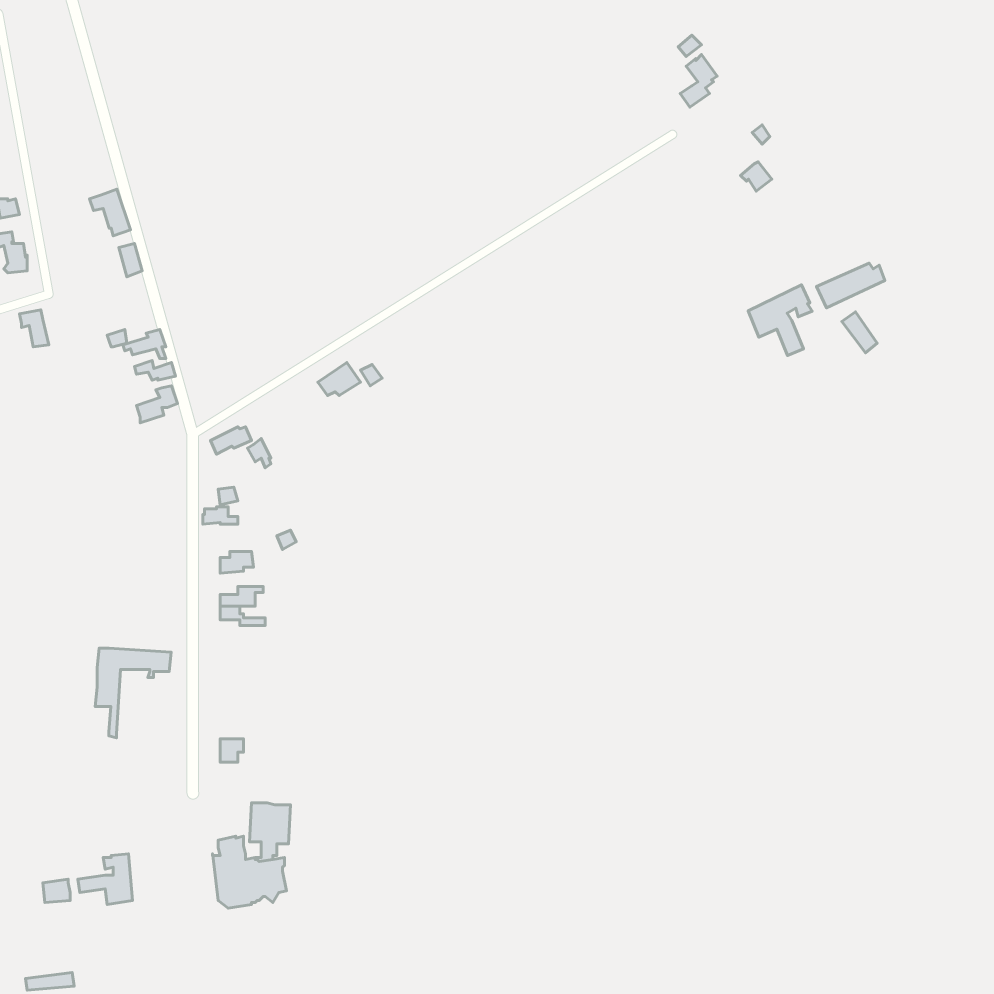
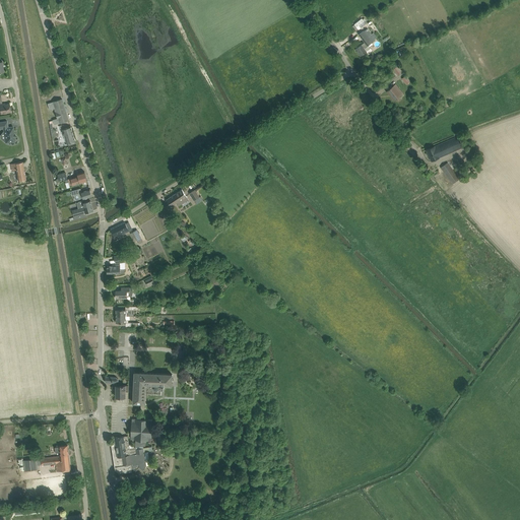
building: [748,285,812,356] -> none
building: [95,648,171,738] -> [132,374,172,420]

